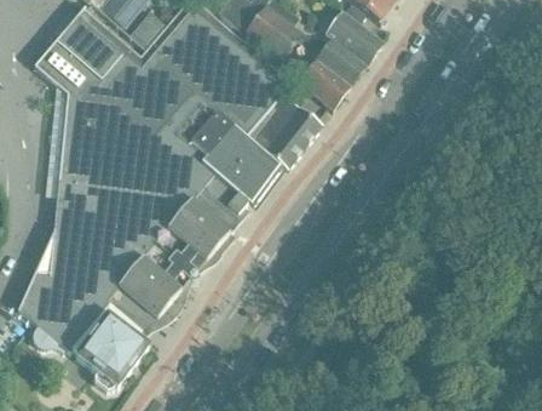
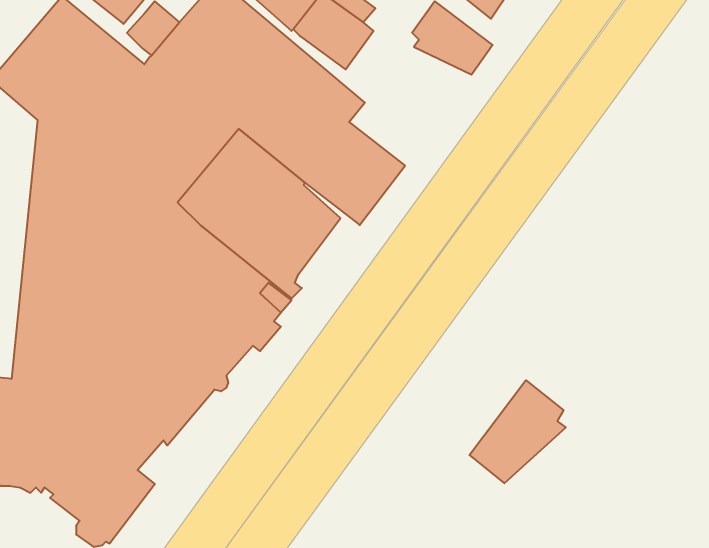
building: [299,42,367,108] -> none
building: none -> [469,380,566,483]

